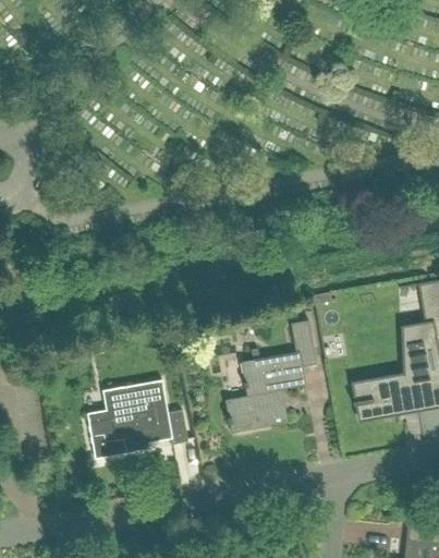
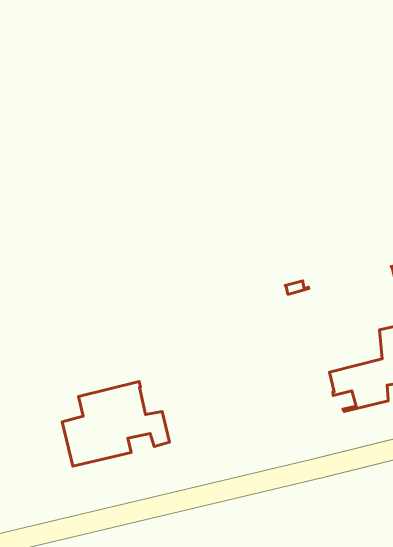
building: [223,320,315,433] -> none

